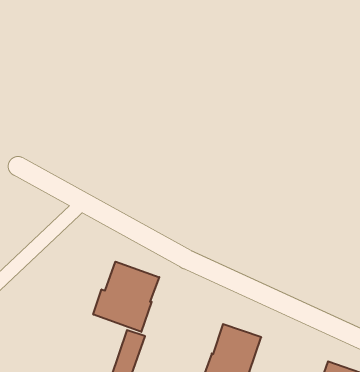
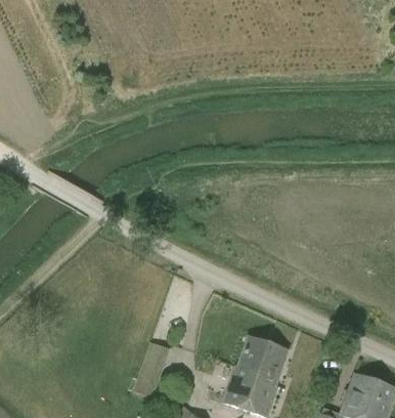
building: [93,262,159,332] -> none

